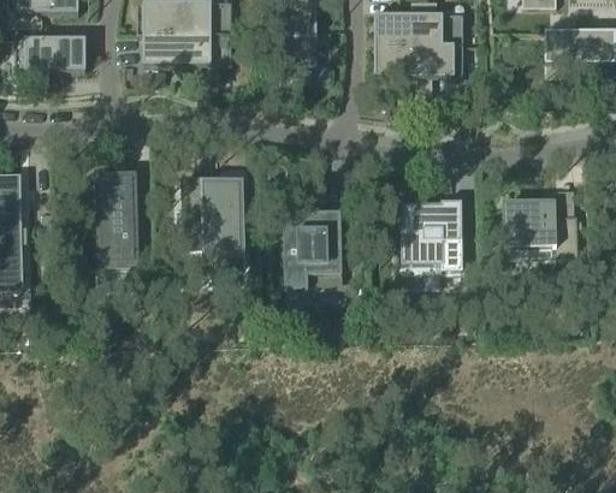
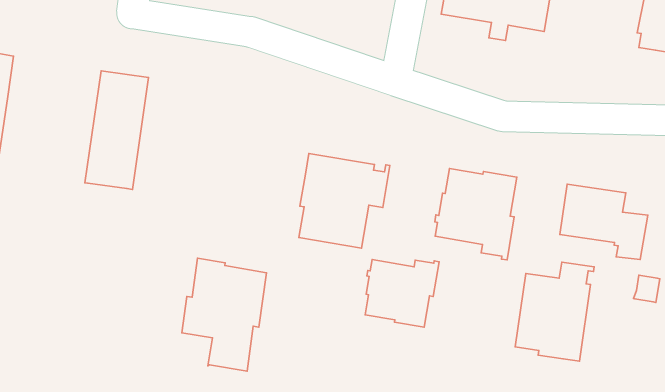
building: [178,180,243,269] -> [182,258,267,371]
building: none -> [515,262,594,361]
building: none -> [365,260,439,327]

